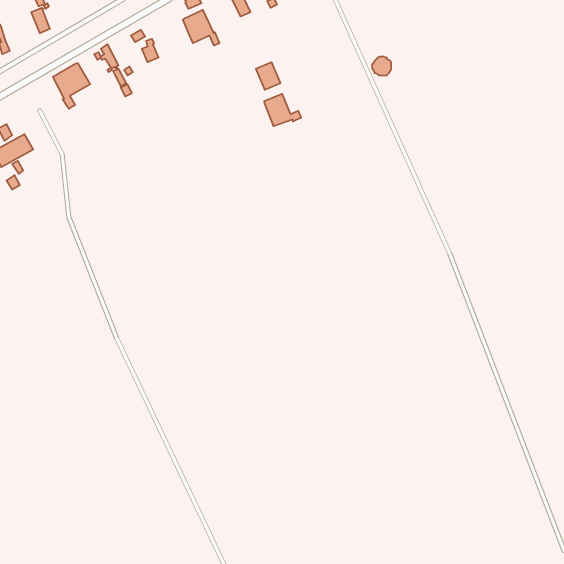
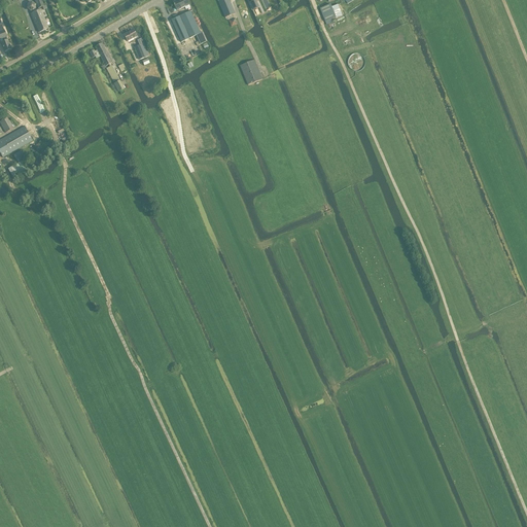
building: [53,63,90,109] -> none
building: [264,94,301,126] -> none

